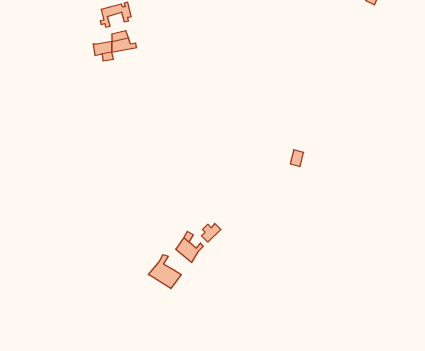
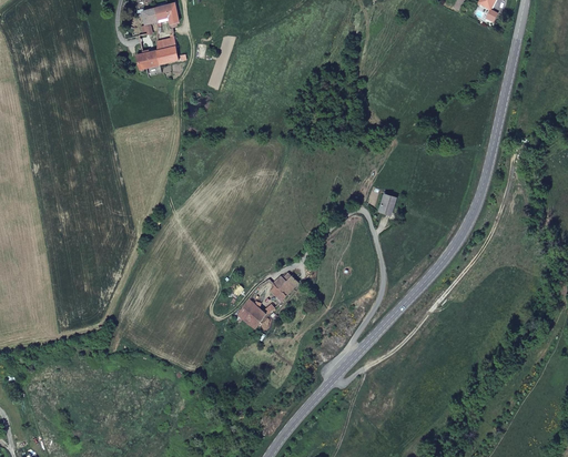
building: [148,255,181,289] -> none

